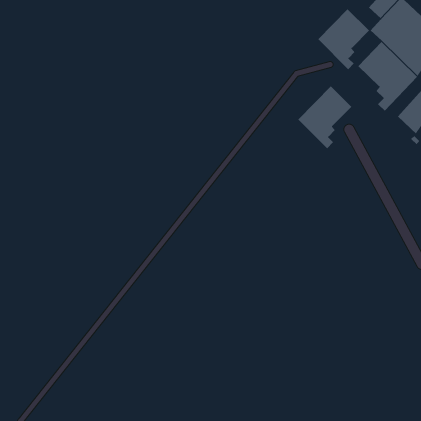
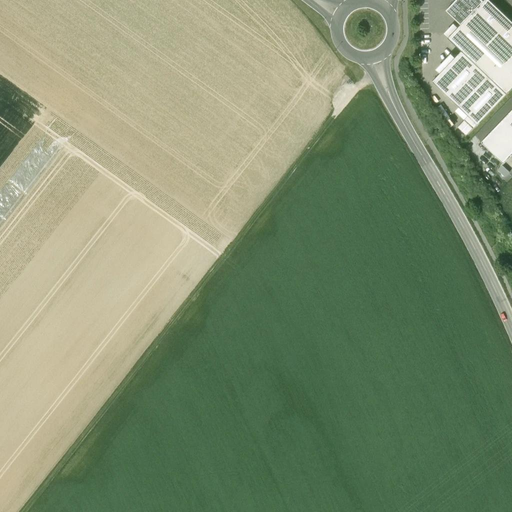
building: [318,9,370,70] -> none
building: [298,86,352,149] -> none

